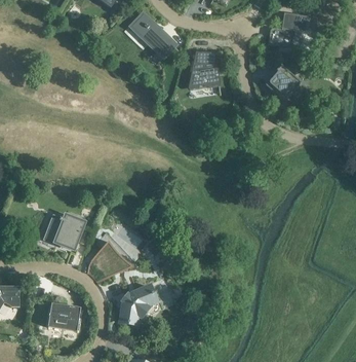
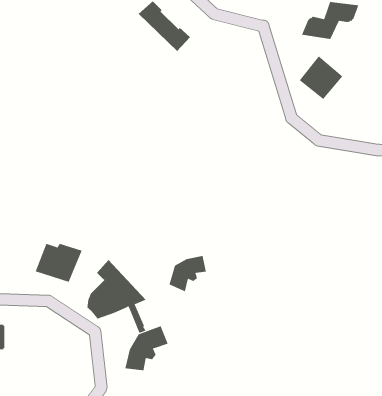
building: [188,51,220,89] -> none
building: none -> [169,255,206,292]
building: [47,302,80,330] -> none

